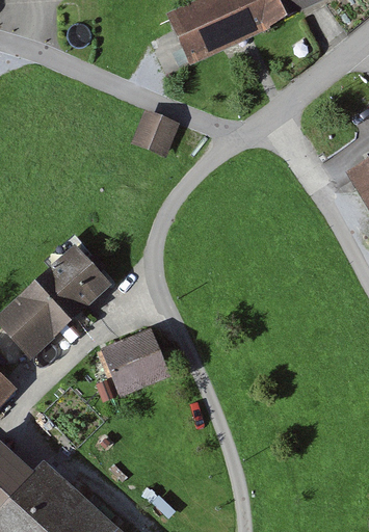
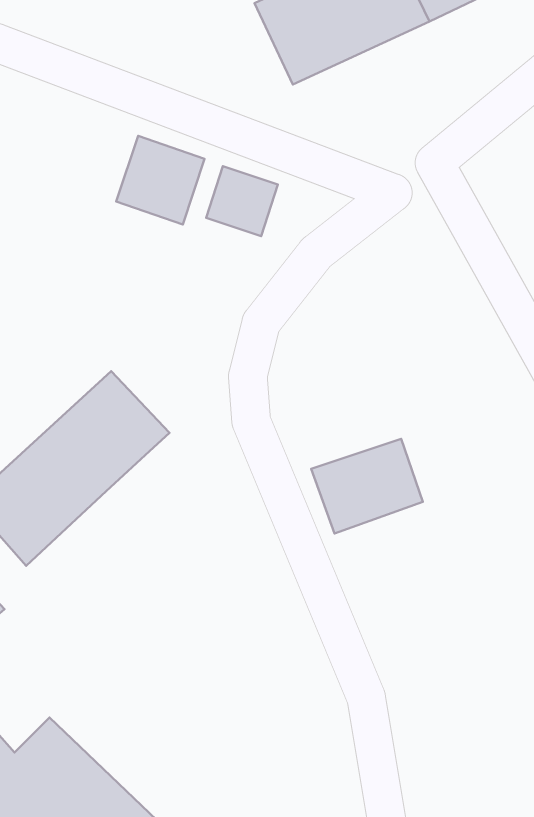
building: none -> [116,136,205,224]
building: [101,329,170,389] -> [311,439,423,534]

